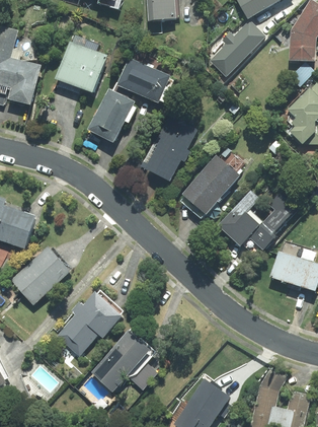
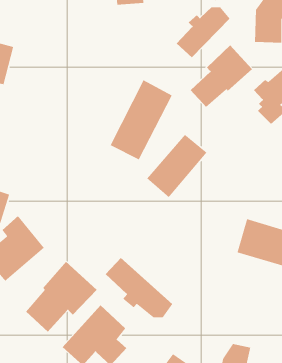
building: [55,39,106,92] -> none
building: [87,59,172,143] -> none
building: none -> [190,44,253,108]
building: [217,190,300,261] -> none
building: none -> [105,257,173,318]

